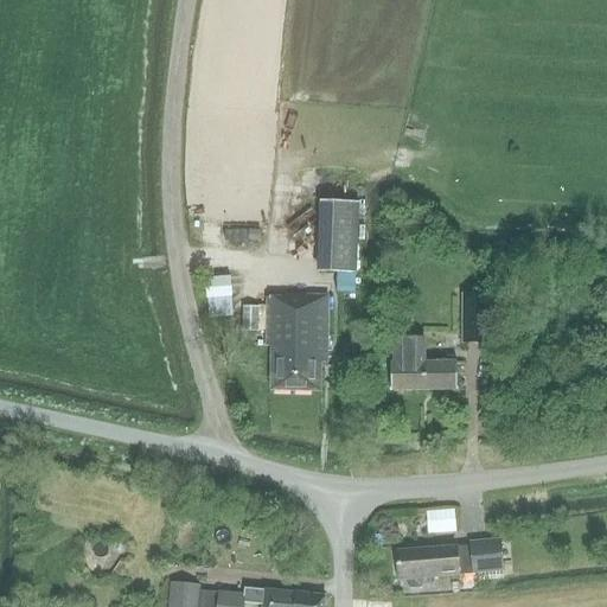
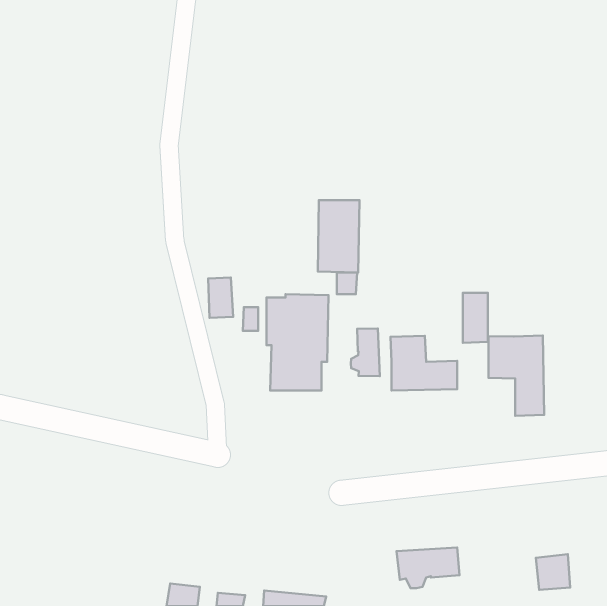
building: none -> [351,329,380,376]
building: none -> [488,335,544,416]
building: [468,536,503,571] -> [536,554,570,590]

